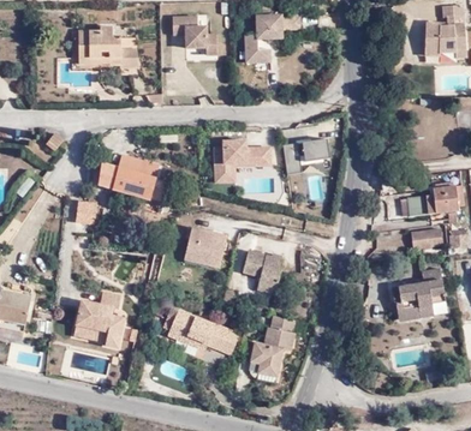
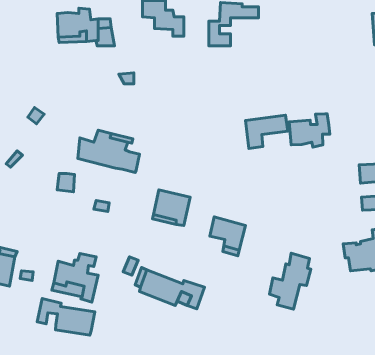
building: [215,137,273,184] -> none
building: none -> [289,114,330,147]
building: [249,316,294,378] -> [270,253,311,309]
building: none -> [37,298,95,335]

